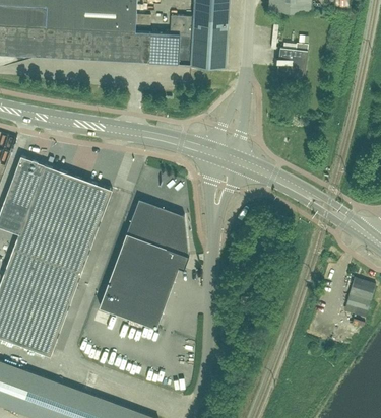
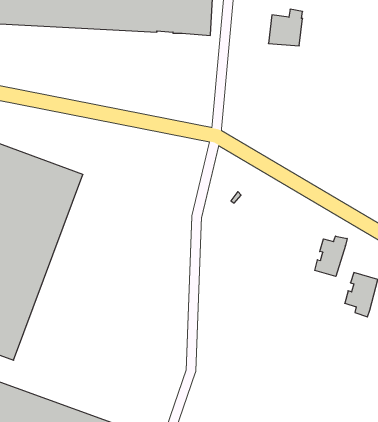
building: [99,198,189,327] -> none
building: none -> [315,236,347,276]

